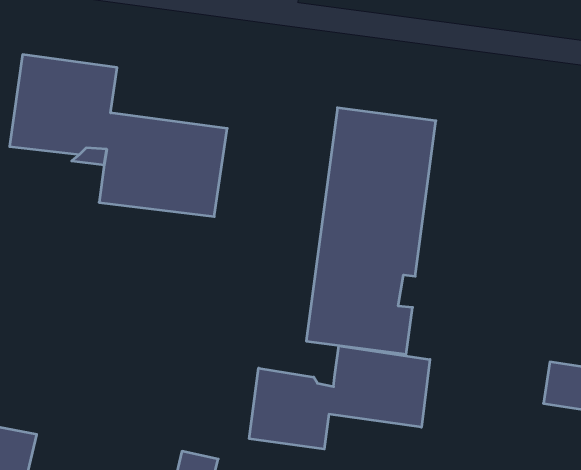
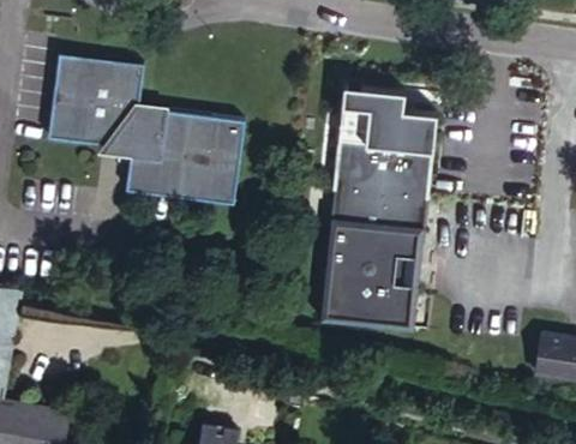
building: [249,346,430,449] -> none

